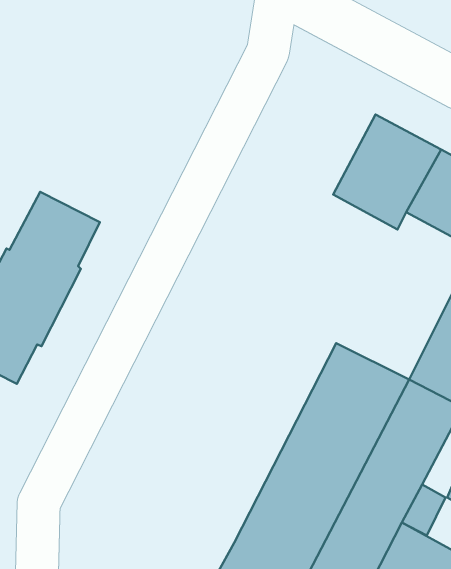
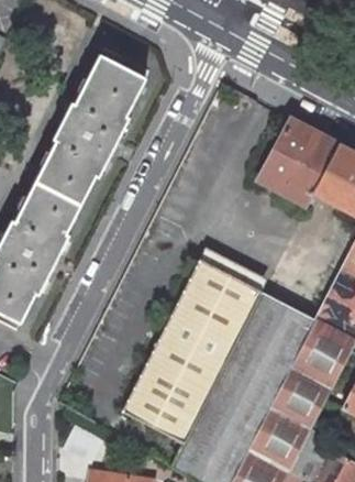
building: none -> [37,55,145,200]
building: none -> [122,260,260,442]

